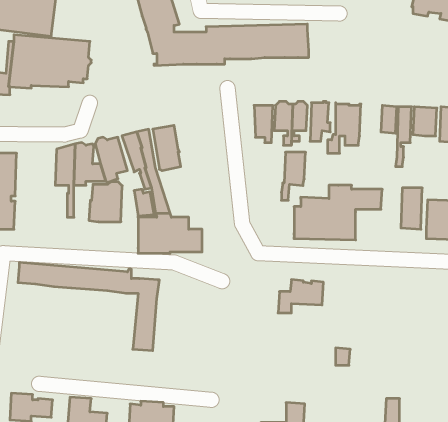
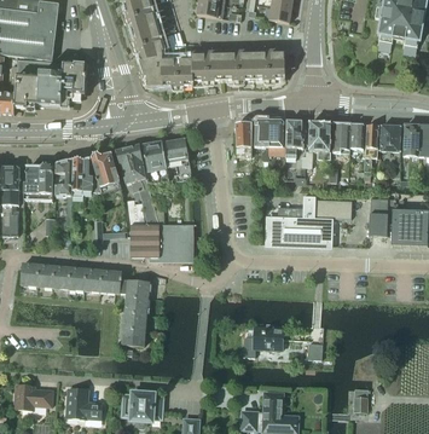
building: none -> [162,137,191,180]
building: [281,152,306,200] -> [329,122,350,166]
building: [89,182,122,222] -> [23,163,53,199]
building: [278,280,323,313] -> [242,325,283,355]

